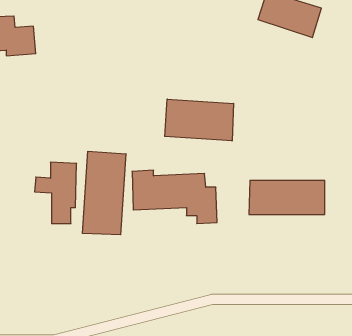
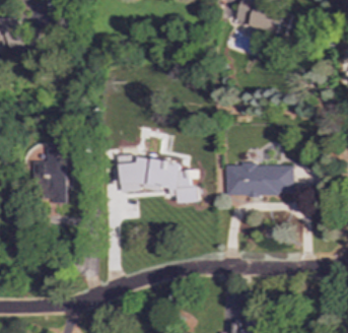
building: [165,99,234,141] -> none
building: [82,151,126,235] -> none

